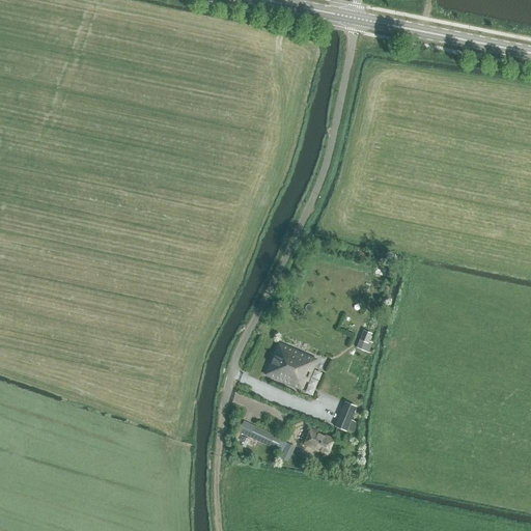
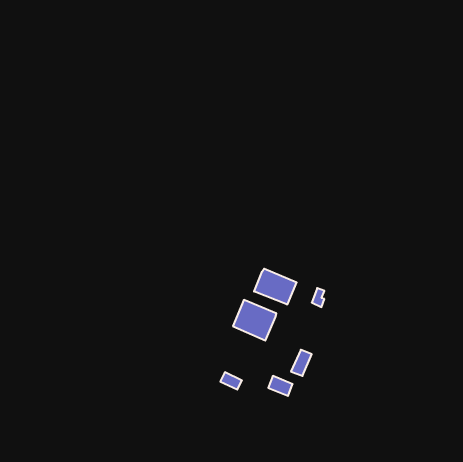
building: none -> [254,269,297,305]

